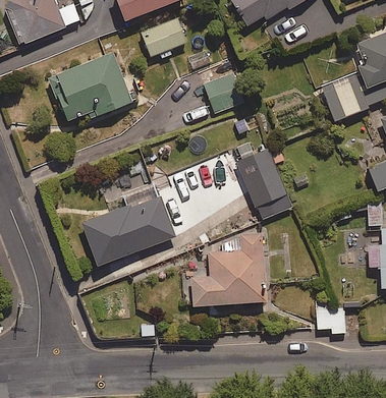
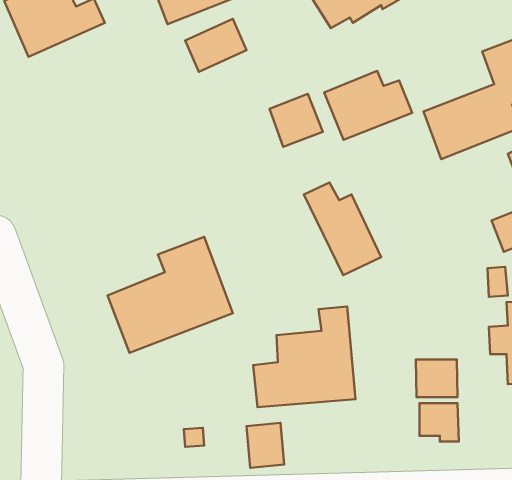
building: [45,51,133,124] -> none
building: none -> [324,71,412,140]
building: none -> [416,359,457,397]
building: none -> [247,423,284,468]

